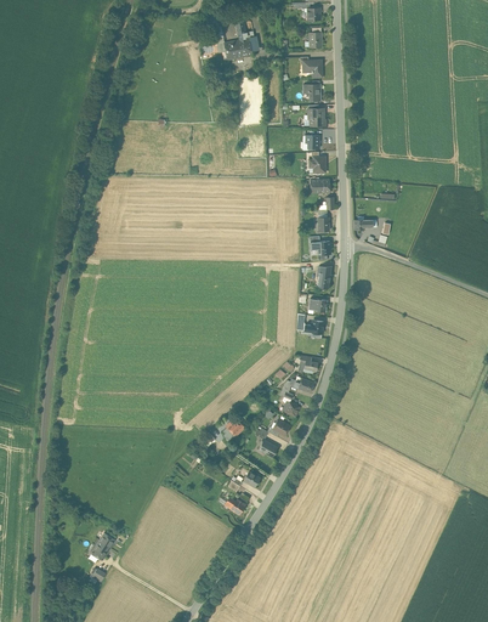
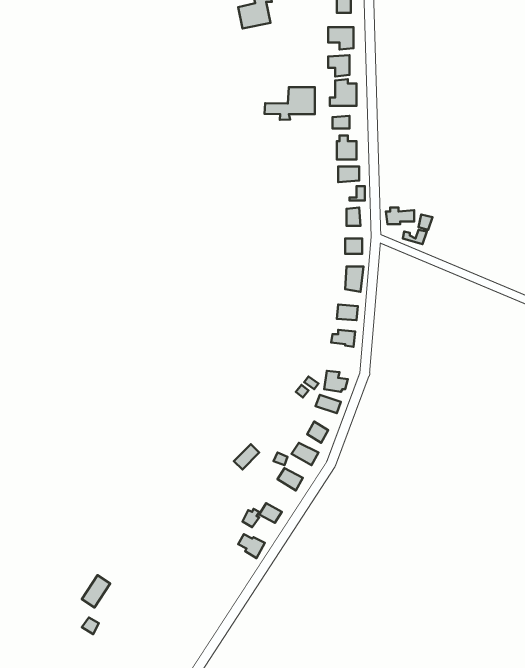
building: none -> [264,87,315,120]

